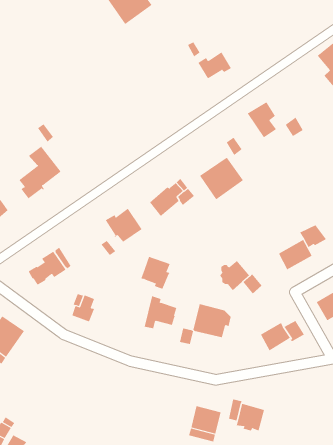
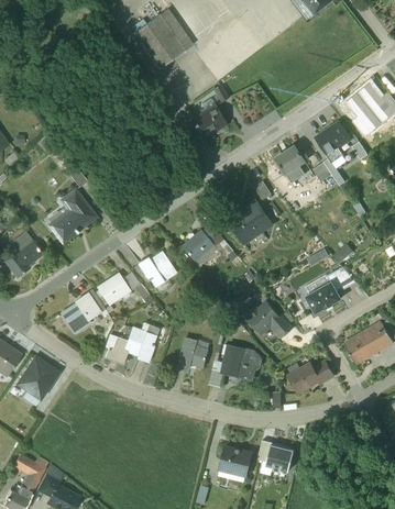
building: [197,52,232,79] -> [196,107,230,134]
building: none -> [317,121,352,161]
building: none -> [96,273,128,303]
building: [141,256,171,289] -> [123,328,153,361]

